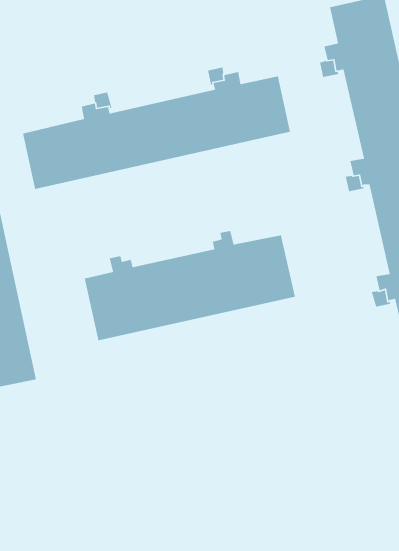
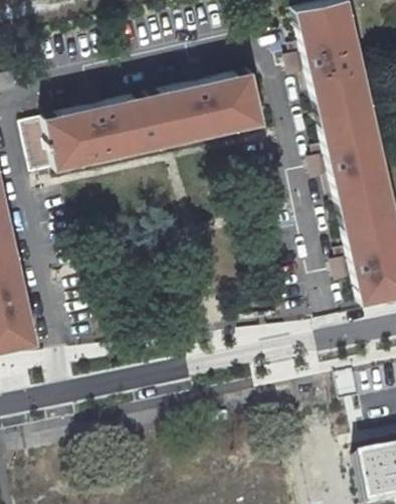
building: [84,230,296,341] -> none

